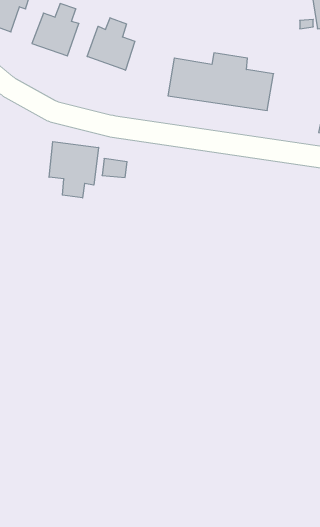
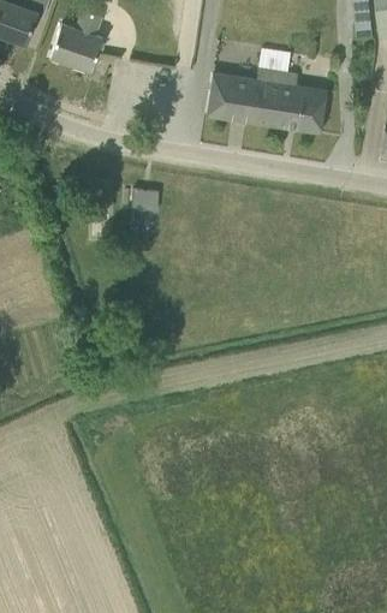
building: [87,18,135,70] -> none
building: [49,142,99,198] -> none

